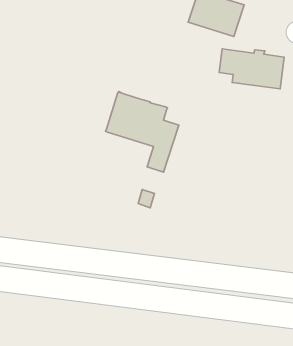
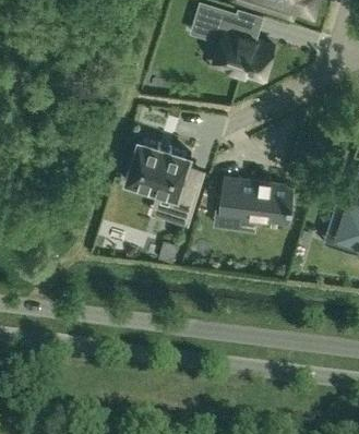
building: [219,49,284,89] -> [219,179,289,221]

